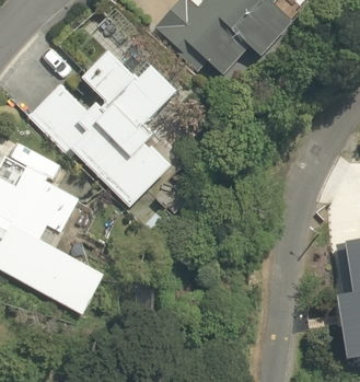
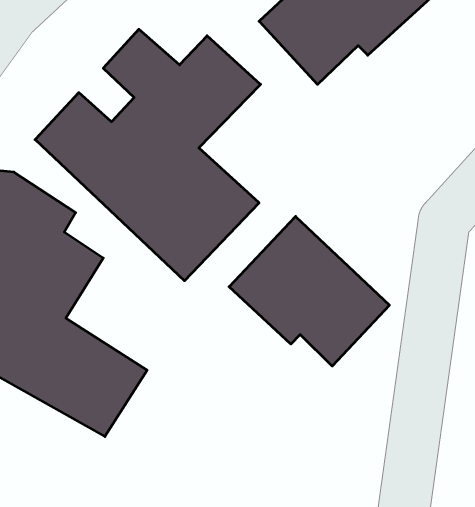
building: none -> [229,216,389,366]

